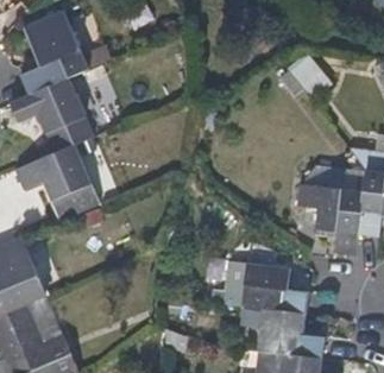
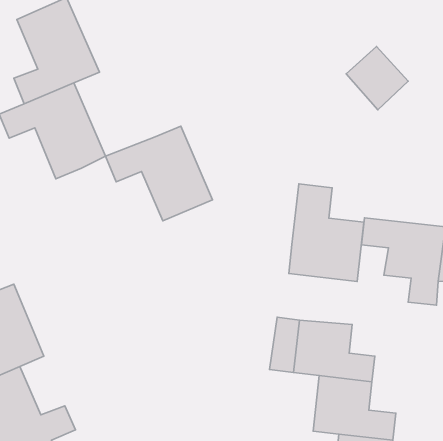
building: [15,145,100,220] -> [106,126,212,221]
building: none -> [289,184,364,281]

